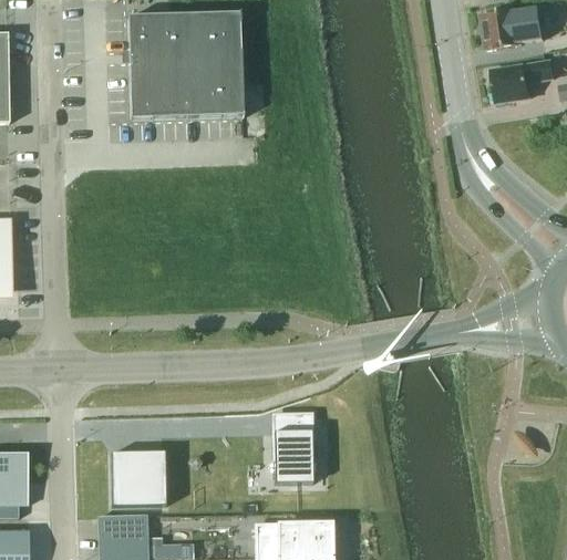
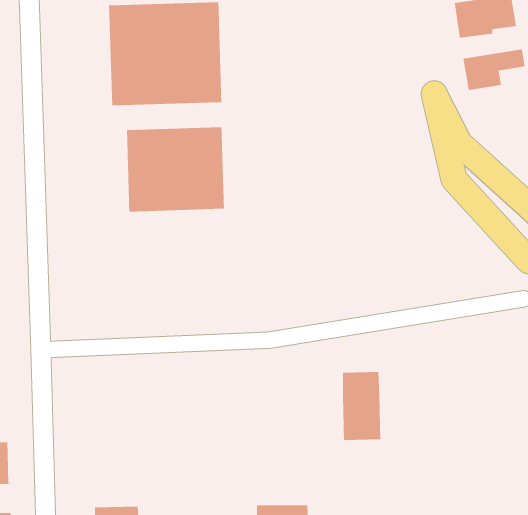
building: none -> [126,125,225,212]
building: [274,412,313,483] -> [342,371,381,441]
building: [111,450,166,505] -> none

